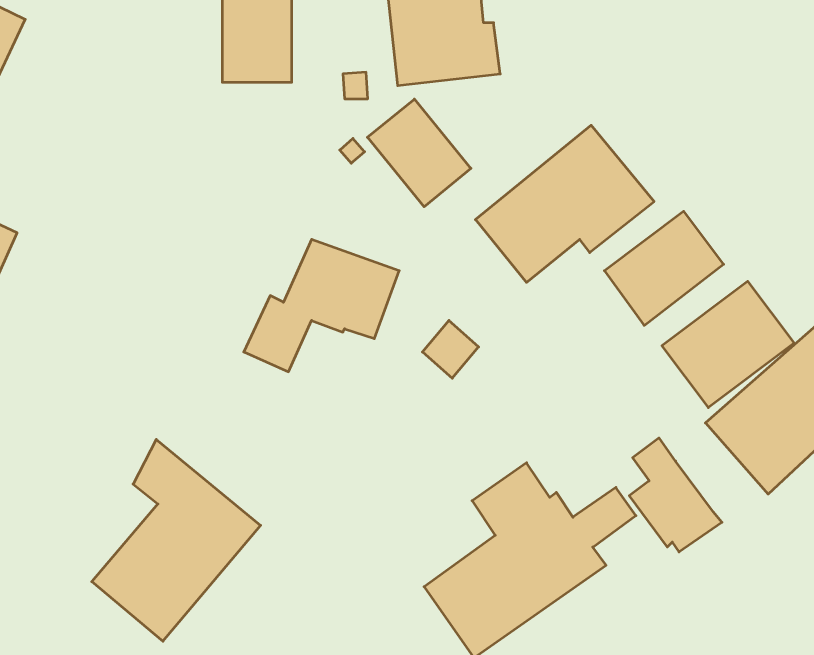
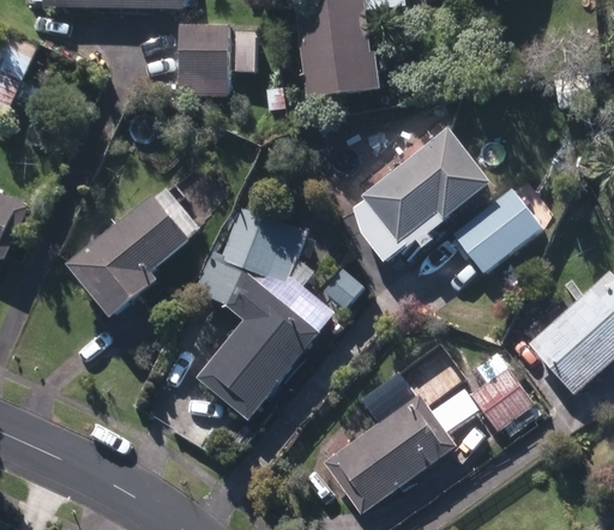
building: [367,99,471,207] -> none
building: none -> [65,183,201,315]
building: [662,281,794,408] -> none
building: [92,439,261,641] -> [197,272,319,418]

